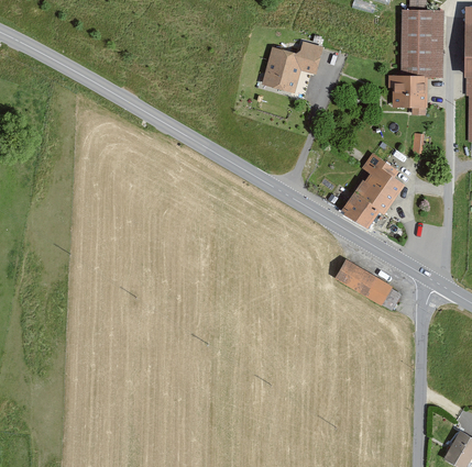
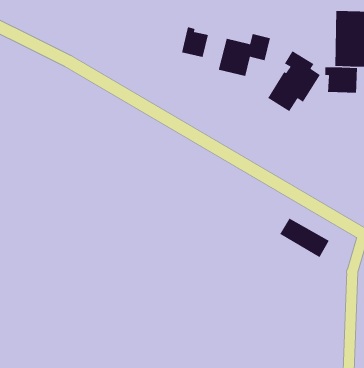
building: none -> [181,26,209,58]
building: [343,153,407,226] -> [267,50,321,112]

